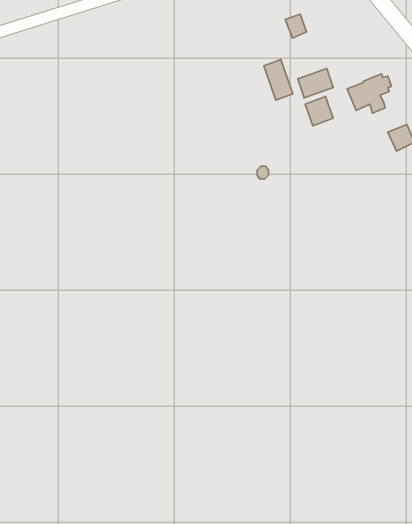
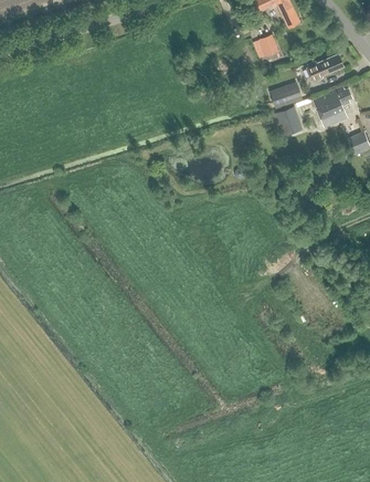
building: none -> [305,54,342,82]
building: [264,60,293,100] -> none

